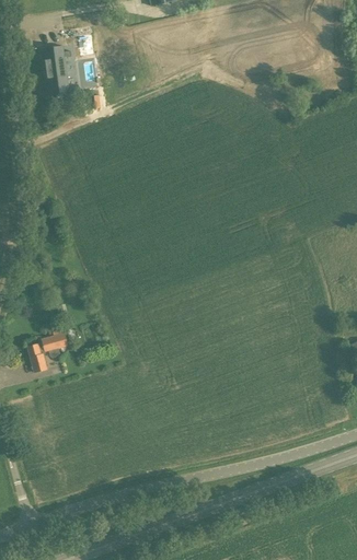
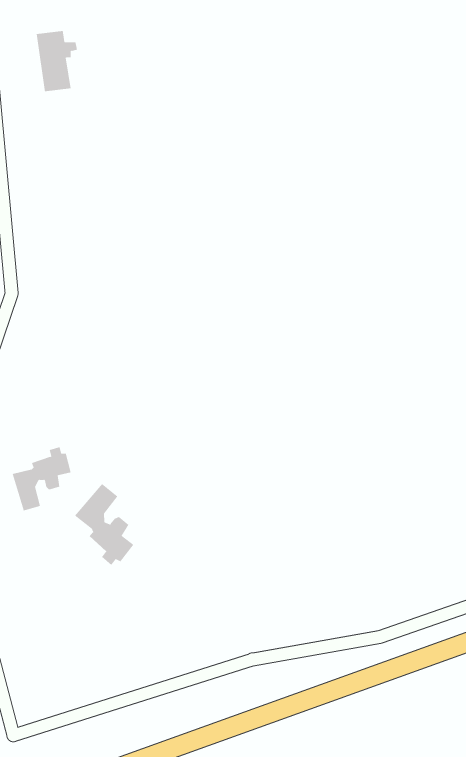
building: none -> [74,483,134,566]

